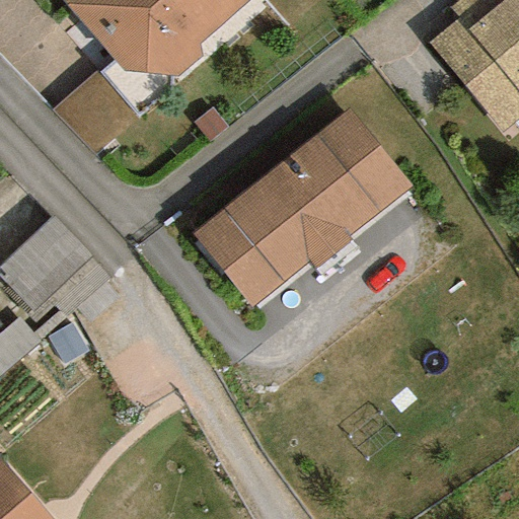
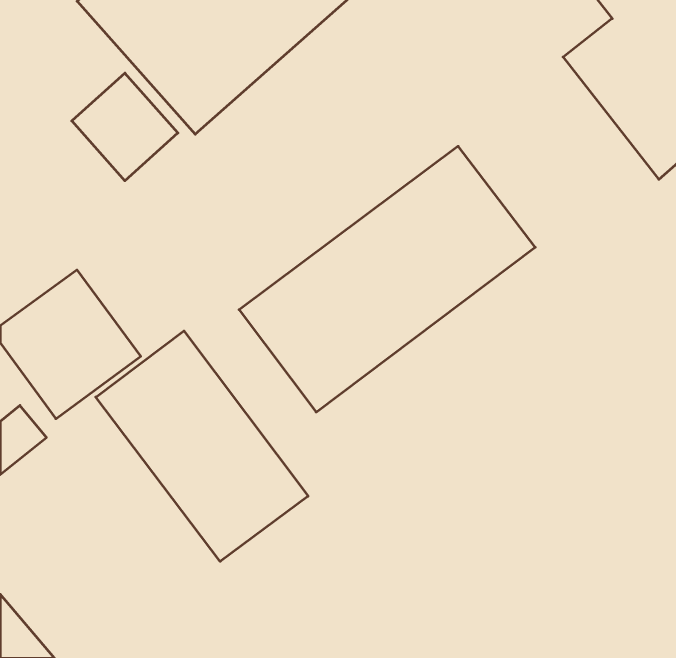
building: none -> [96,331,308,561]

